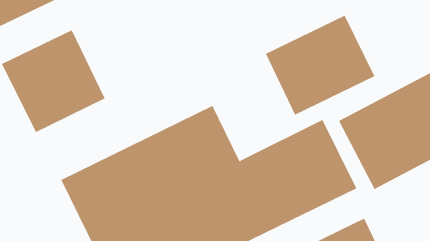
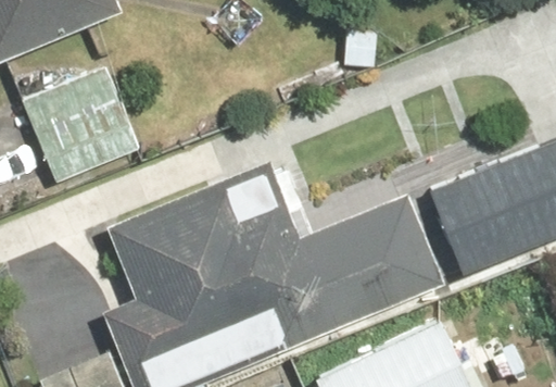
building: [265,15,375,116] -> none

